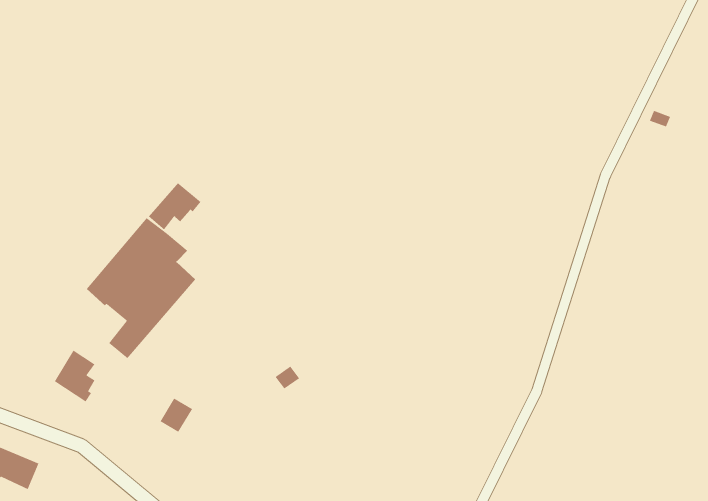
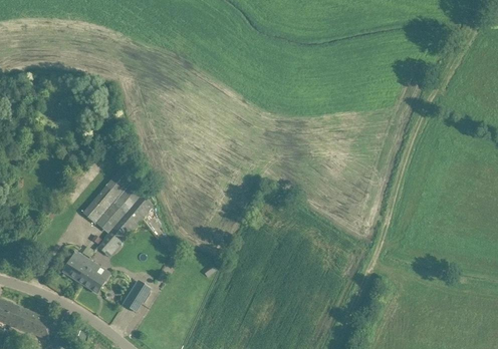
building: [148,182,202,230] -> none
building: none -> [81,259,109,292]

